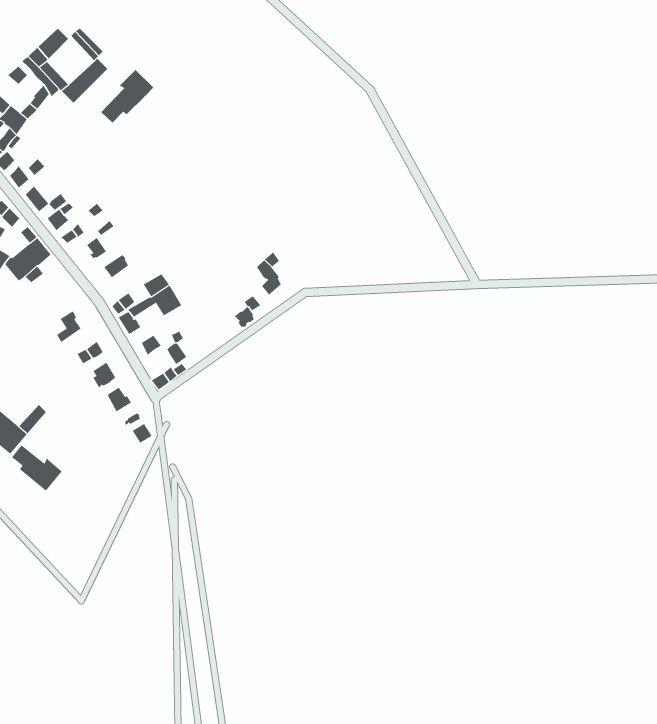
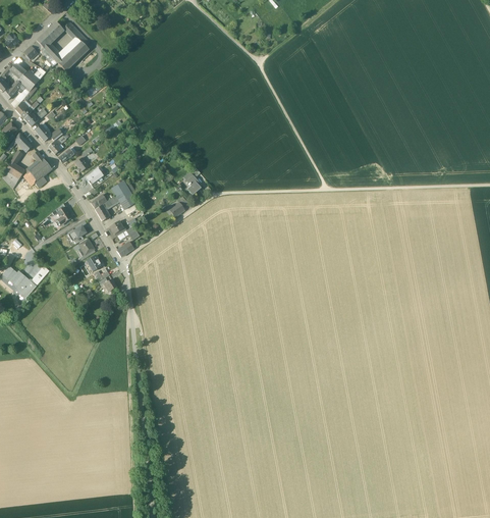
building: [101,69,154,123] -> none
building: [11,445,63,492] -> none

